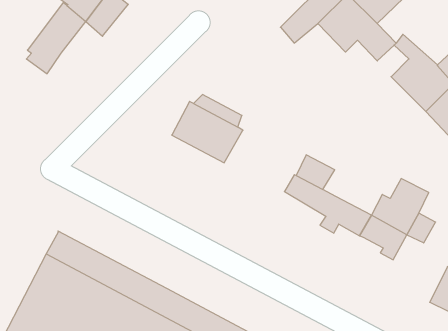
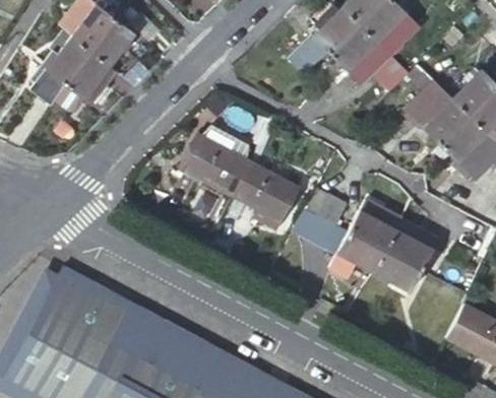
building: none -> [65,52,115,107]
building: none -> [233,163,299,230]
building: none -> [348,210,395,251]

